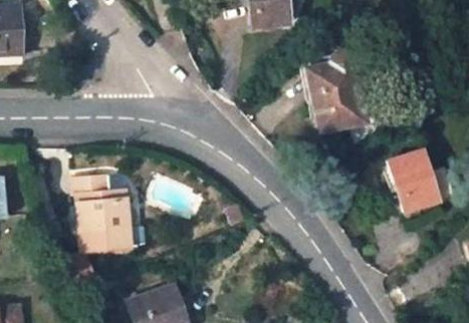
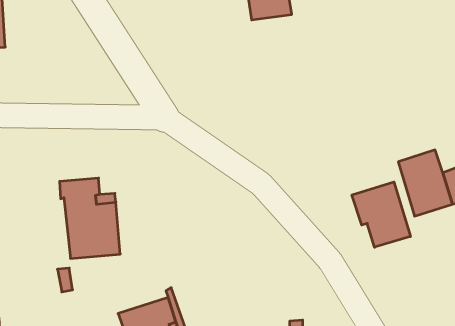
building: [306,50,365,131] -> none
building: none -> [352,182,410,247]

